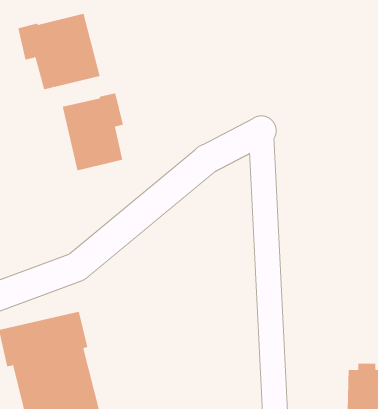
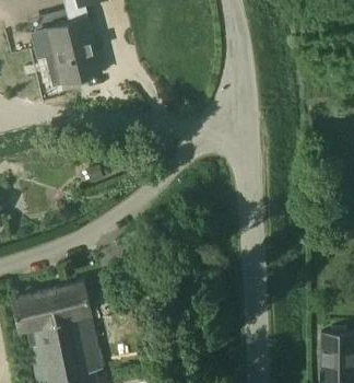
building: [62,92,124,171] -> none

